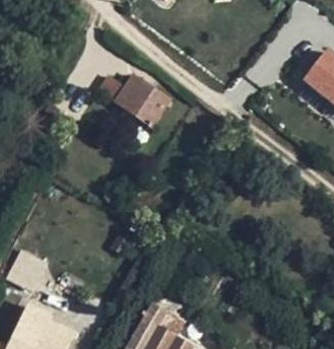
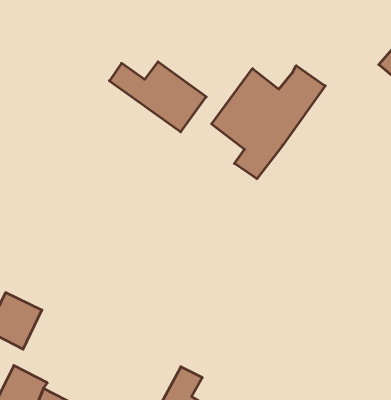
building: none -> [212,66,325,179]

